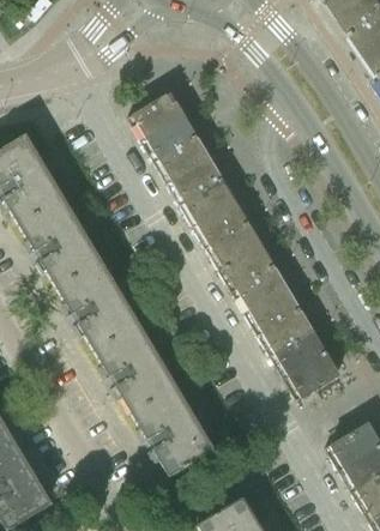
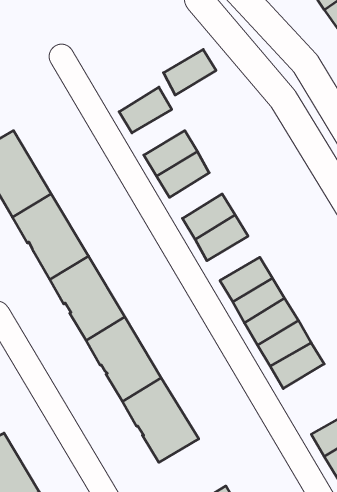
building: [140,115,194,162] -> [163,49,216,95]
building: [179,180,233,227] -> none
building: [217,245,271,290] -> none

